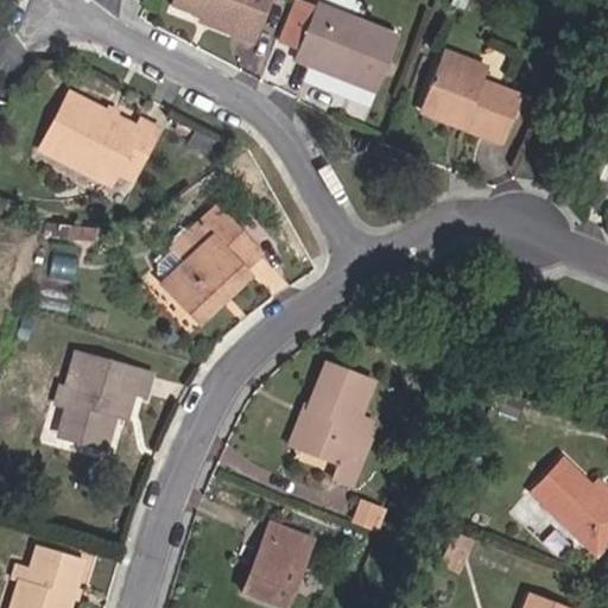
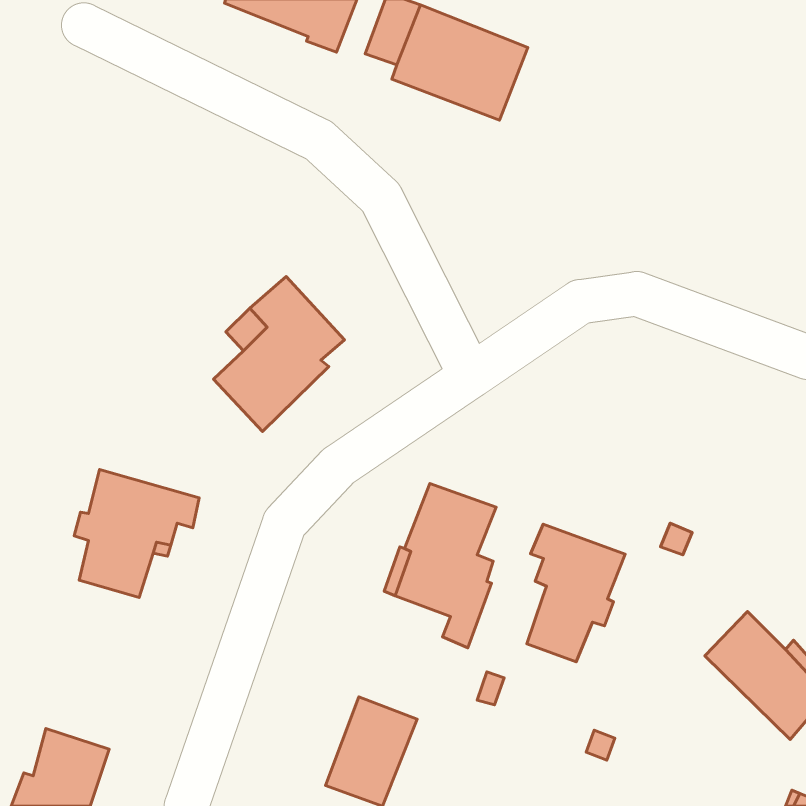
building: [419,49,520,144] -> none
building: [42,94,158,192] -> none
building: none -> [527,524,625,662]

